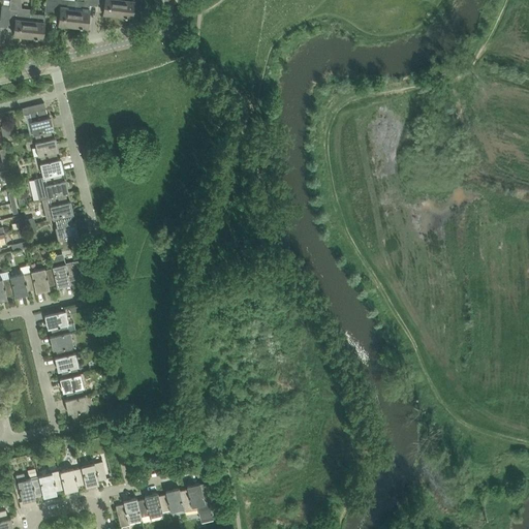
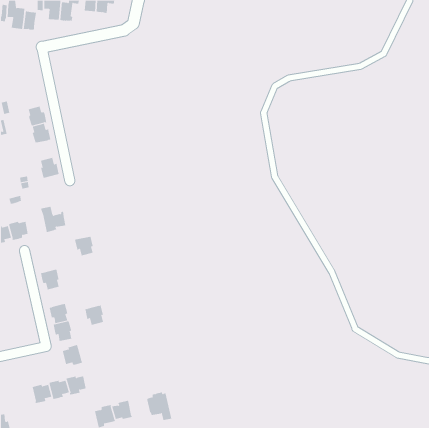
building: [22,104,54,136] -> none
building: [34,175,68,201] -> none
building: [55,217,79,242] -> none
building: [31,269,56,292] -> none
building: [44,312,68,337] -> [74,236,94,256]
building: [55,353,79,379] -> [84,304,104,325]
building: none -> [62,344,82,366]
building: [15,474,43,503] -> none
building: [159,489,184,512] -> none

